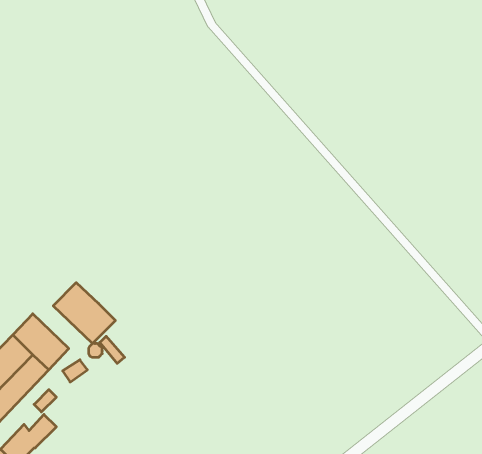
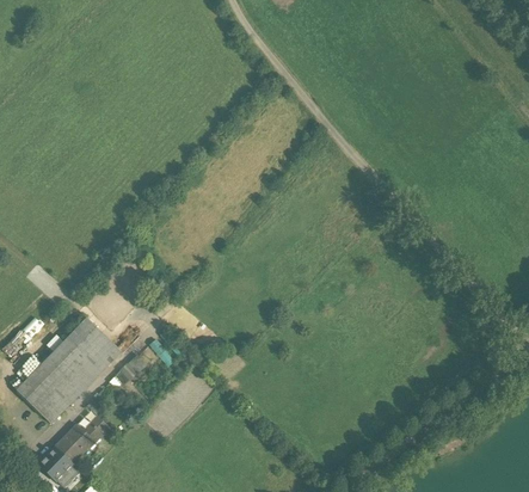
building: [53,283,115,344] -> none

